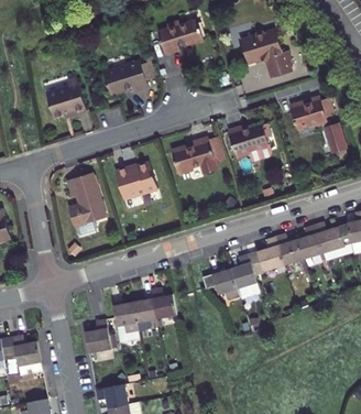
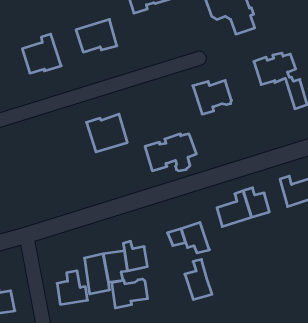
building: [169,134,223,173] -> [145,134,196,171]
building: [66,170,107,232] -> none
building: [300,227,325,261] -> none
building: [233,257,262,298] -> [185,259,212,299]
building: none -> [112,279,148,308]

